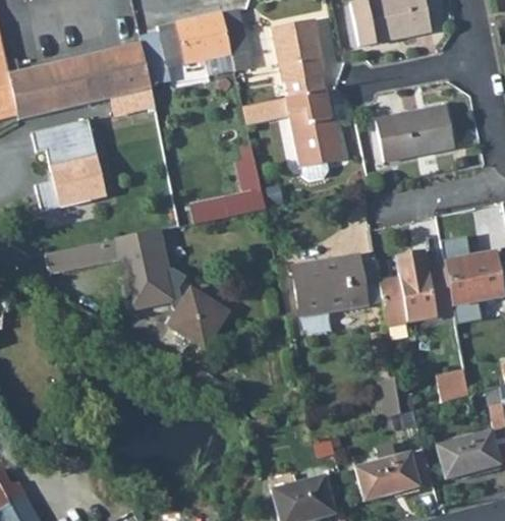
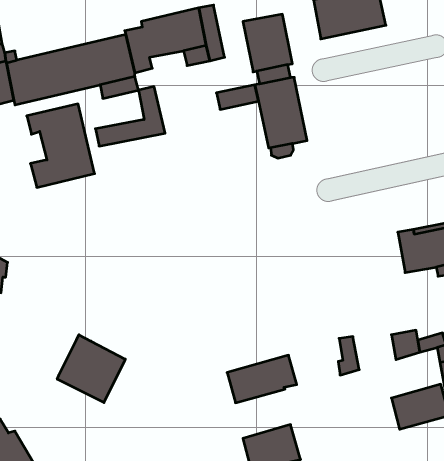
building: [375,104,454,161] -> none
building: [188,157,266,223] -> [95,87,165,146]
building: [44,230,227,347] -> none
building: [378,250,452,325] -> none
building: [290,253,367,315] -> none
building: none -> [57,335,125,403]
building: [354,448,432,501] -> [227,355,297,403]

